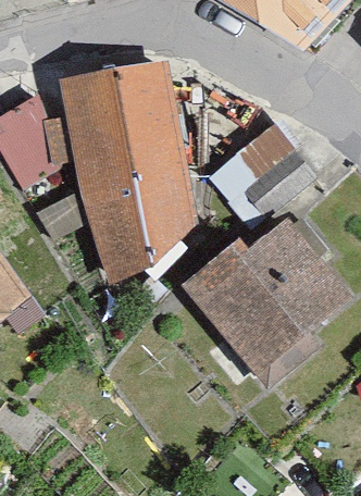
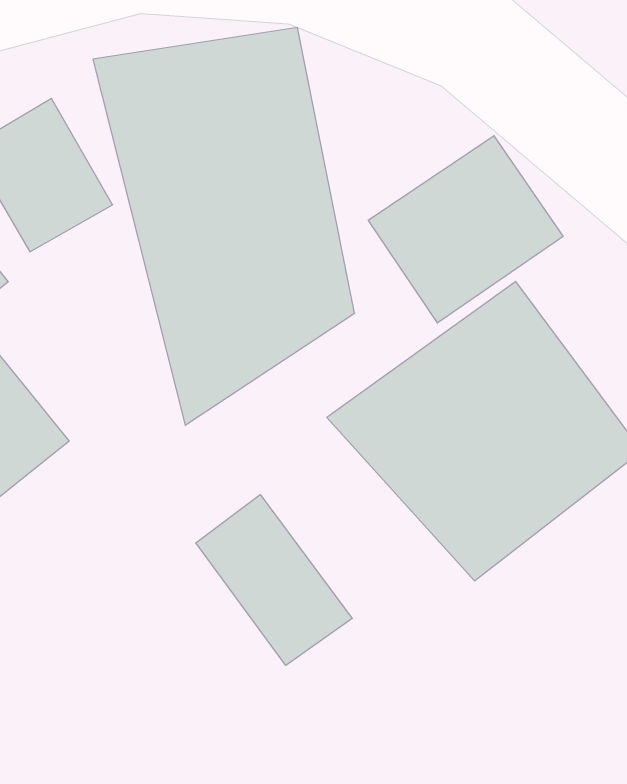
building: none -> [196,495,352,665]

